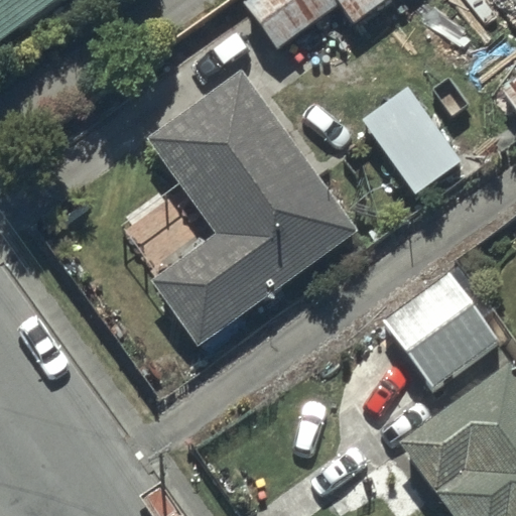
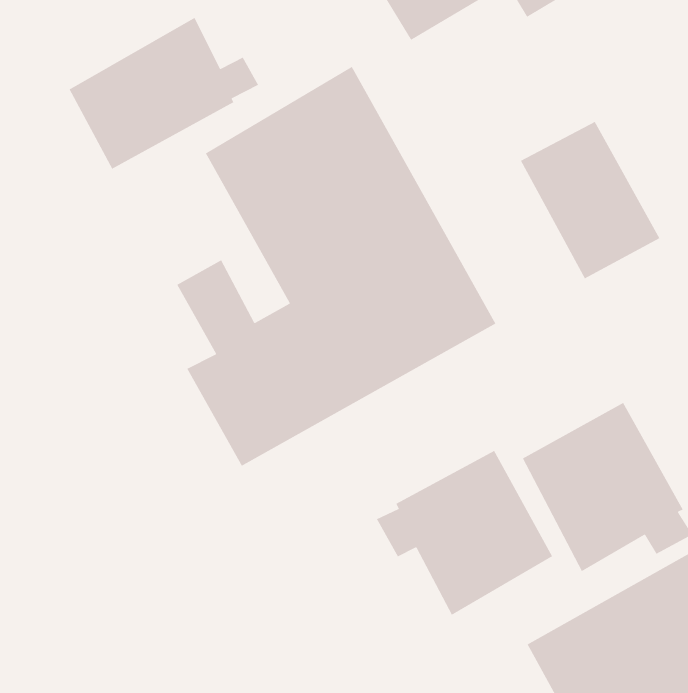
building: none -> [69,17,259,170]
building: none -> [376,450,553,616]

